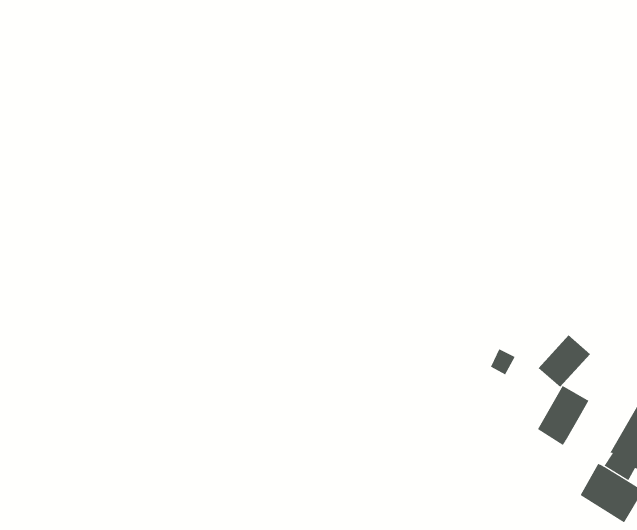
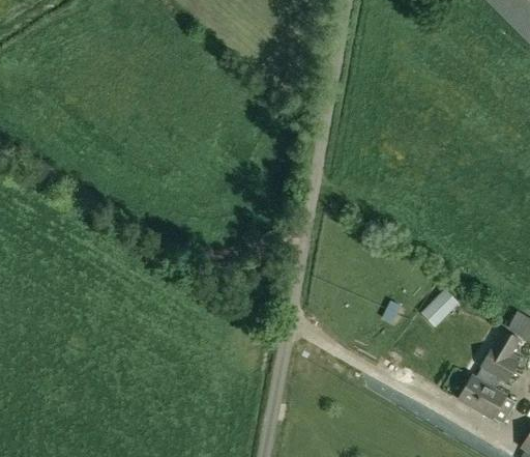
building: [537,385,589,446] -> none

